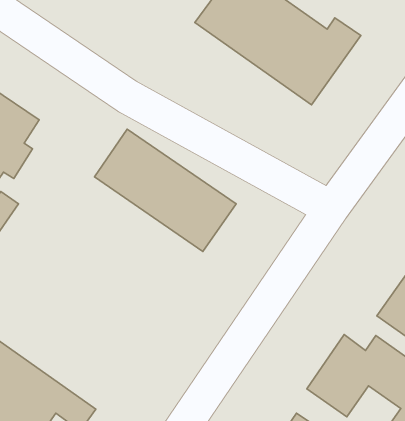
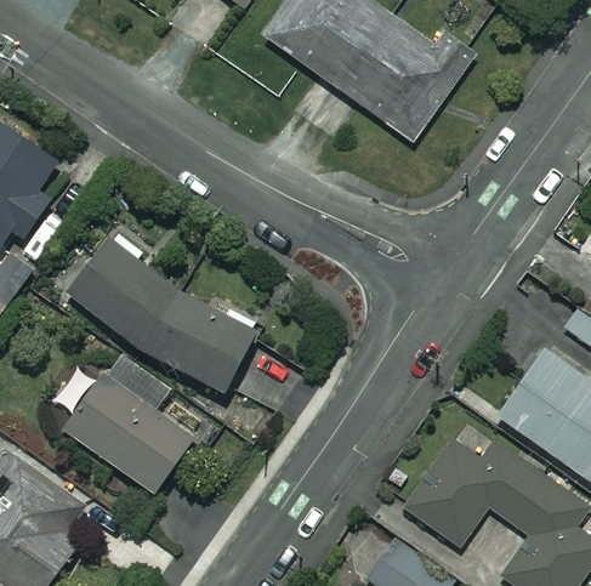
building: [95,129,236,252] -> [72,238,256,397]
building: none -> [56,368,193,493]

